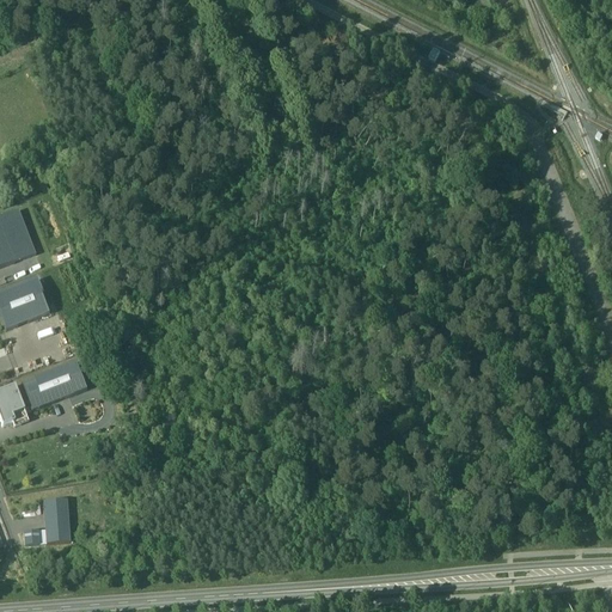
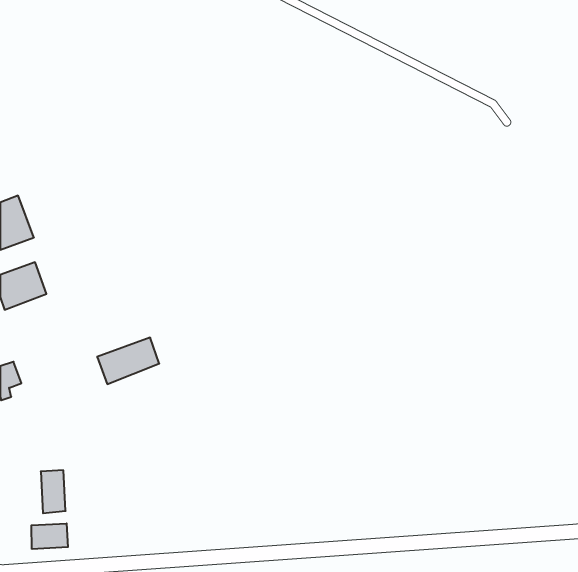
building: [22,360,87,409] -> [97,338,159,384]
building: none -> [31,523,68,549]

